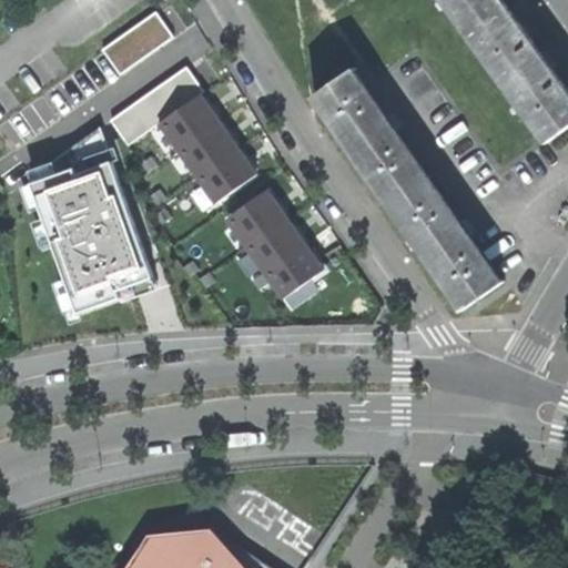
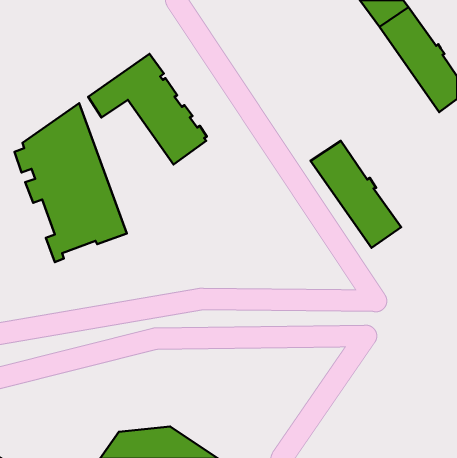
building: [100,12,171,75] -> none
building: [311,69,420,200] -> none
building: [225,191,327,300] -> none

